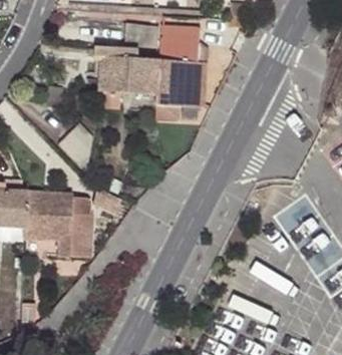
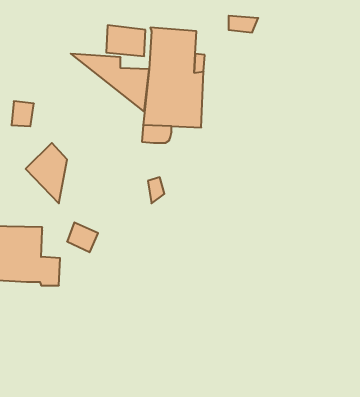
building: [94,47,157,96] -> none
building: [57,197,91,258] -> none

